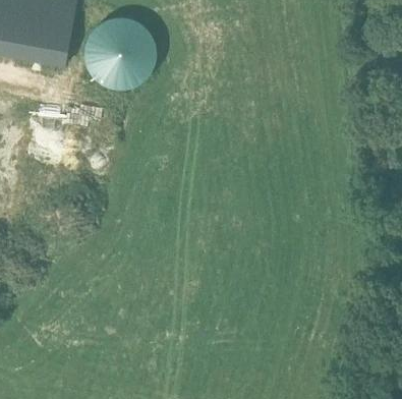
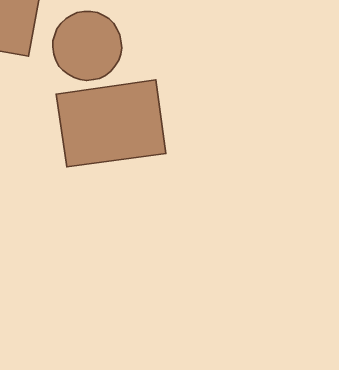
building: none -> [56,80,166,167]

